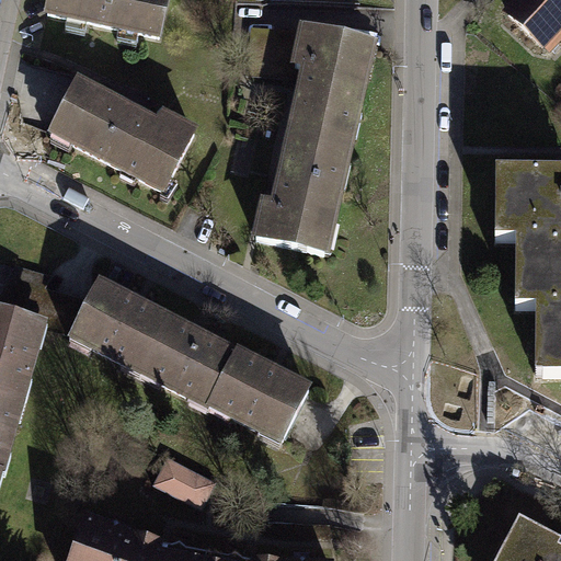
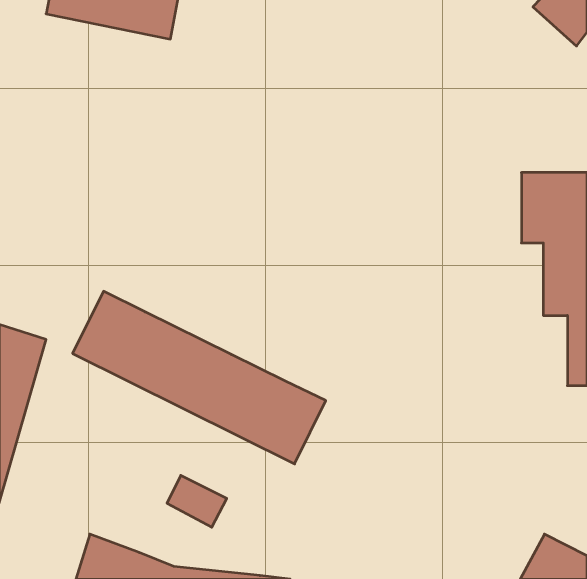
building: [252,23,377,252] -> none
building: [46,76,198,193] -> none

